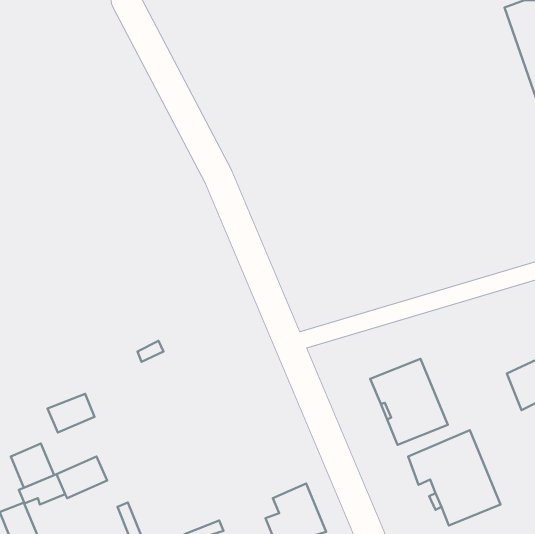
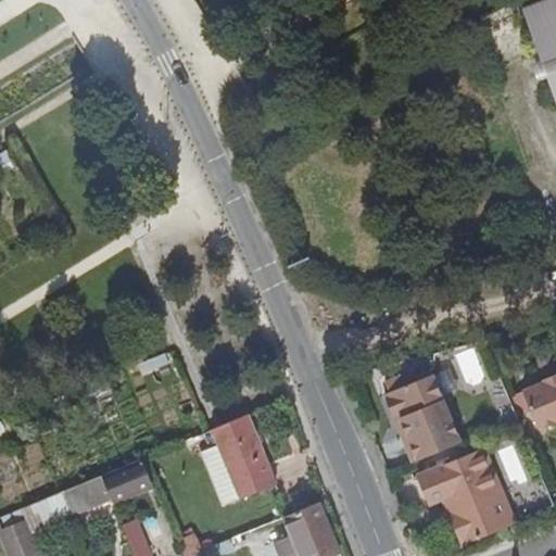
building: [47,394,95,433] -> [101,459,150,500]
building: none -> [199,415,273,505]
building: [11,444,54,488] -> none

